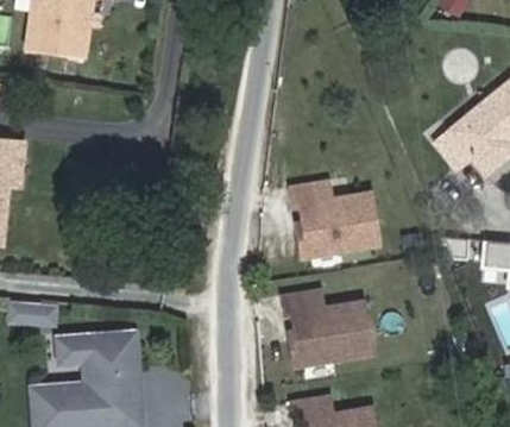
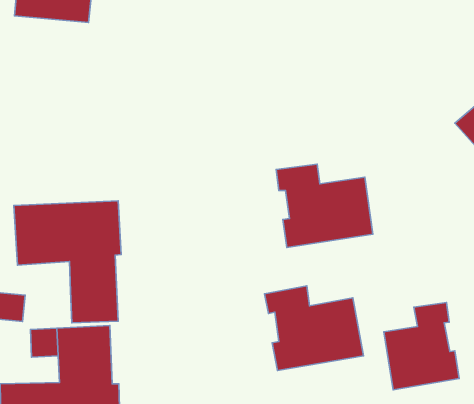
building: none -> [14,201,121,323]
building: none -> [384,302,459,390]

